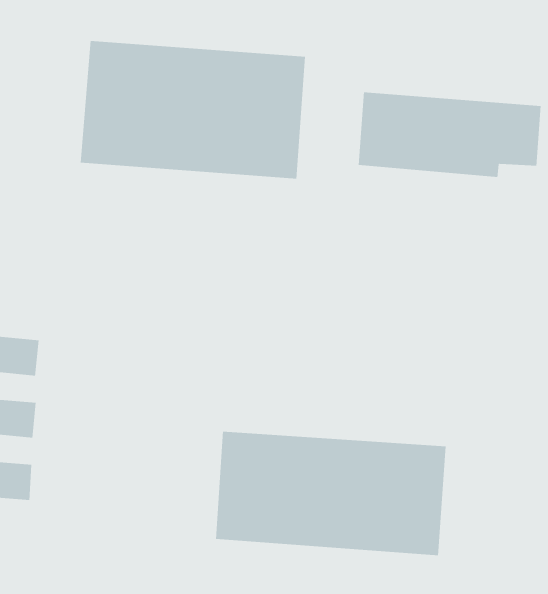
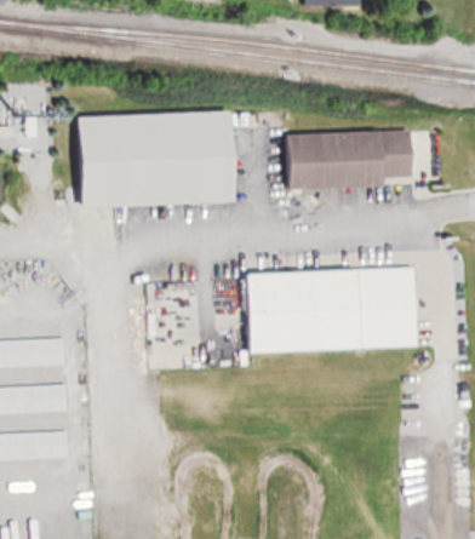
building: [215,431,446,556] -> [250,266,418,351]

